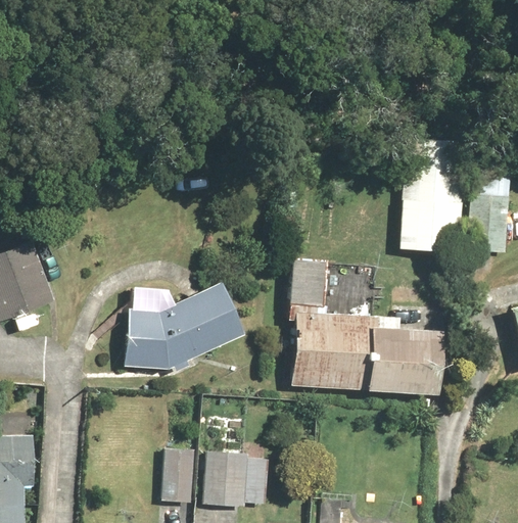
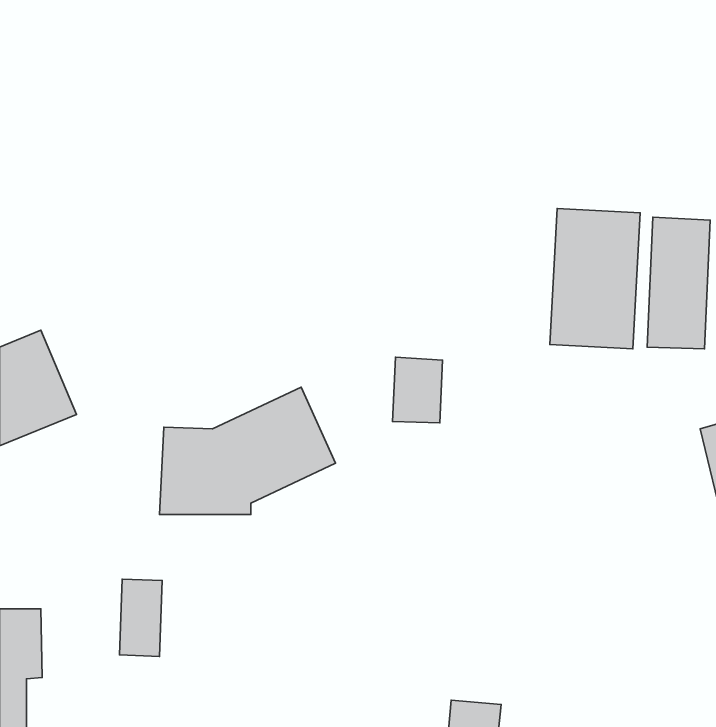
building: [287,312,433,394] -> none
building: [163,448,194,504] -> [119,579,162,656]
building: [204,451,271,507] -> none

